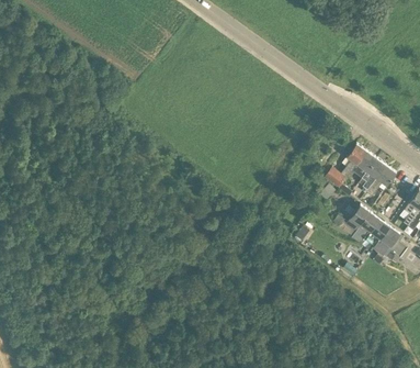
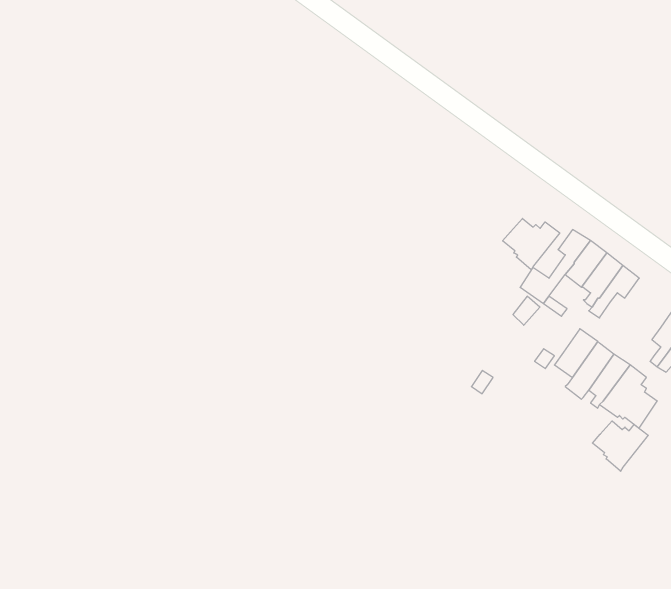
building: none -> [503,218,560,270]
building: none -> [592,421,648,471]

